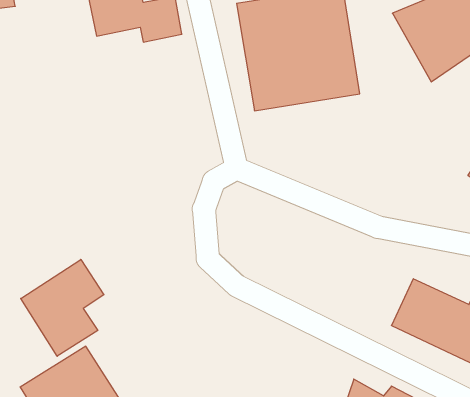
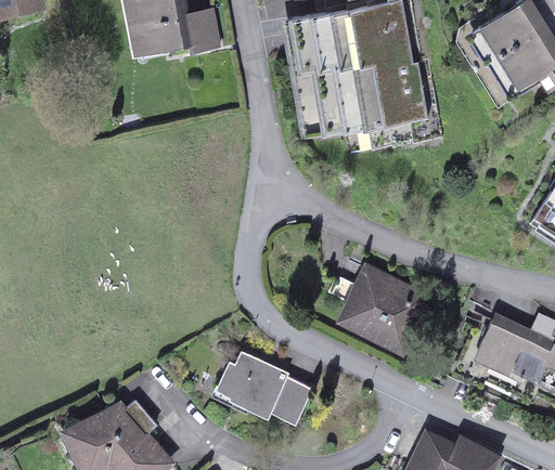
building: none -> [338,266,437,357]
building: [21,259,104,356] -> none
building: none -> [210,354,309,431]

